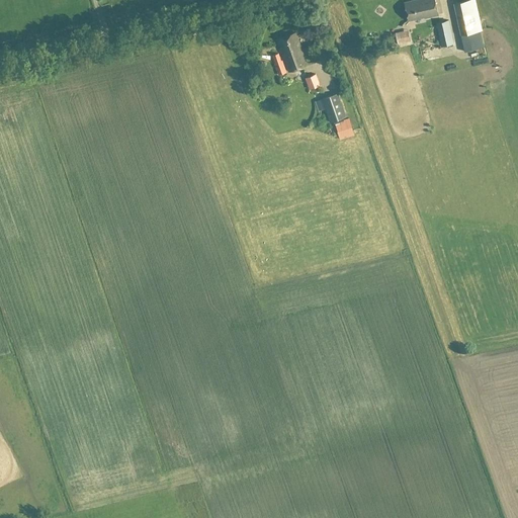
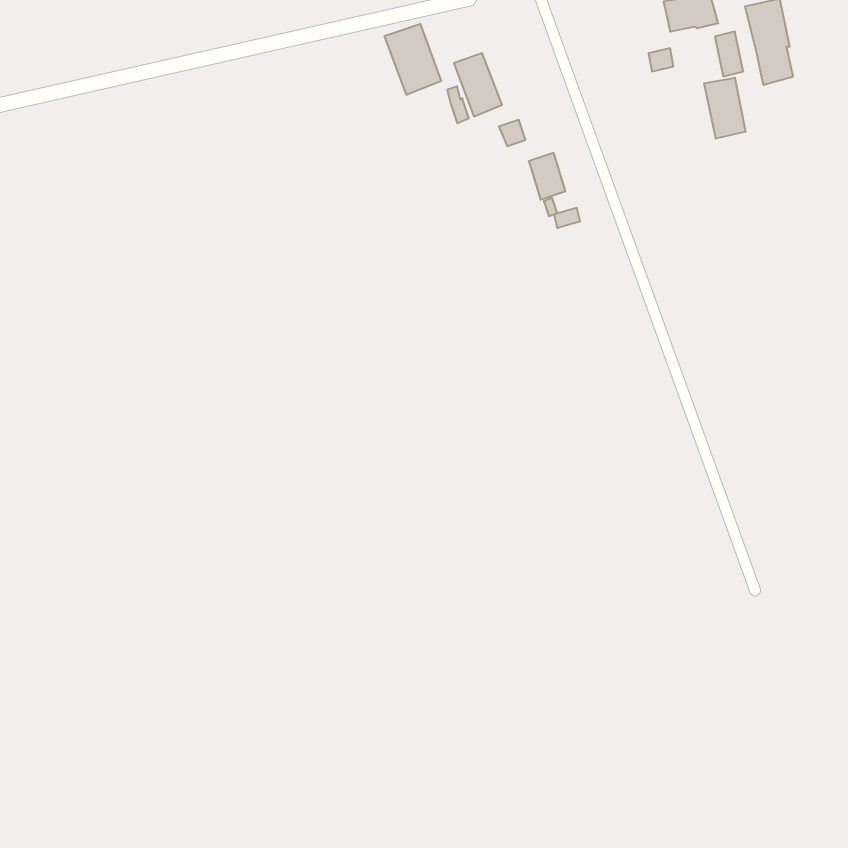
building: none -> [385,24,441,95]
building: none -> [704,78,746,139]

